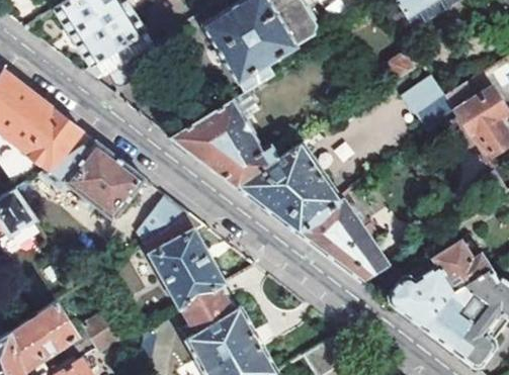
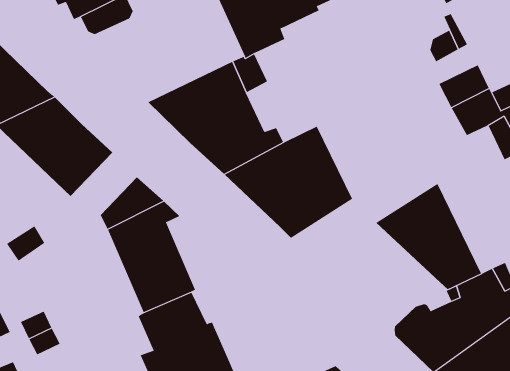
building: [296,196,387,281] -> [376,183,482,290]

